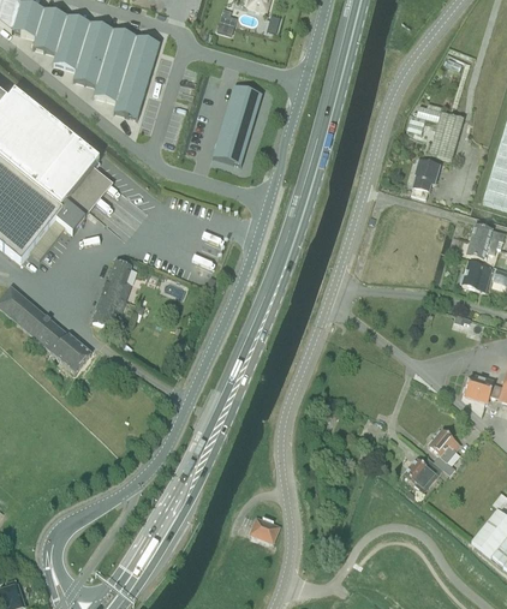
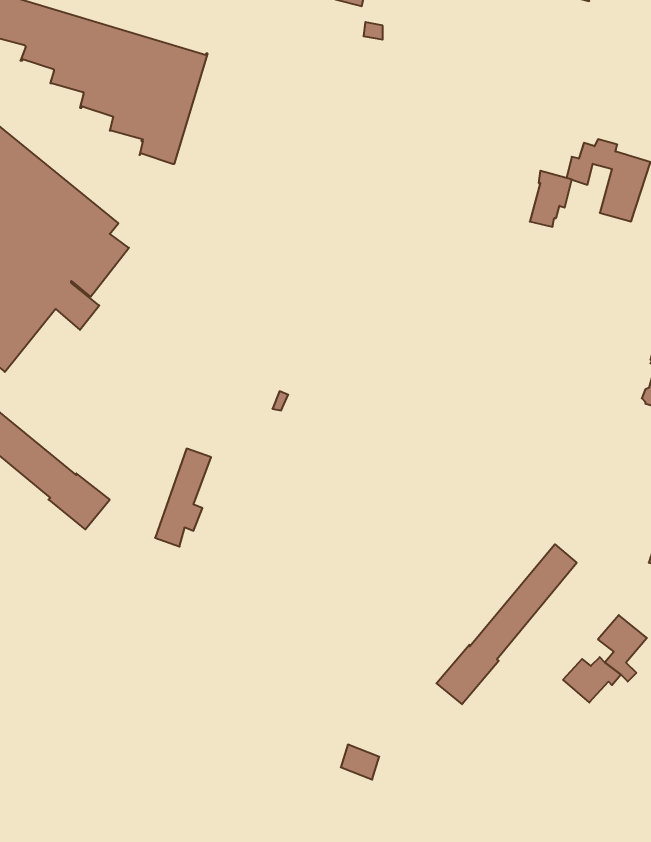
building: [213,86,263,163] -> none
building: [410,159,439,197] -> [530,171,572,227]
building: [94,257,132,324] -> [155,449,211,547]
building: none -> [436,544,577,704]

